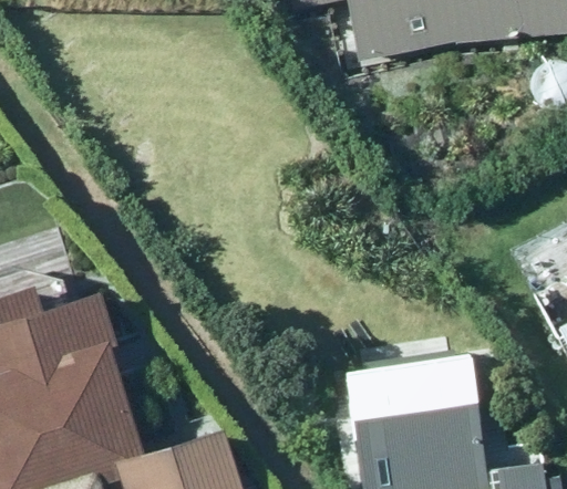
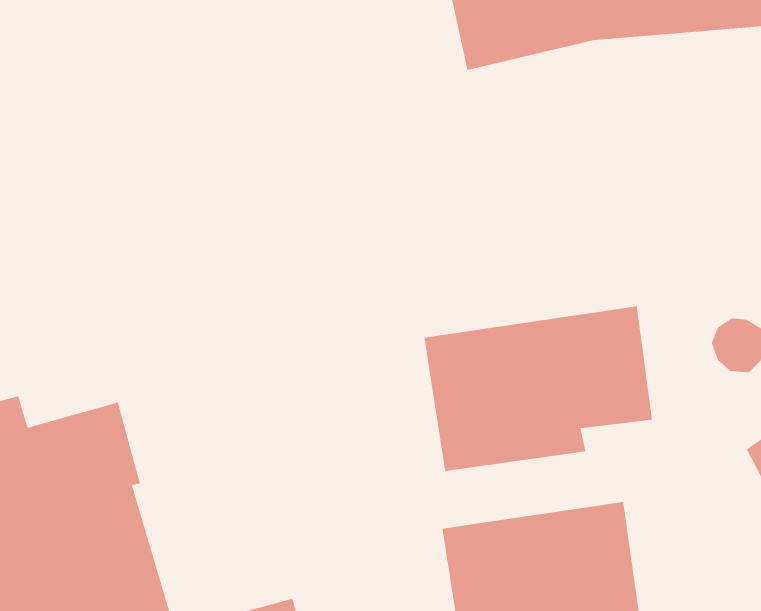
building: none -> [424,306,653,472]

